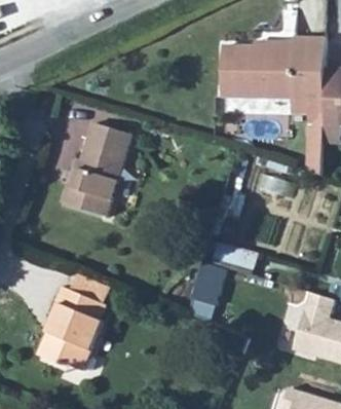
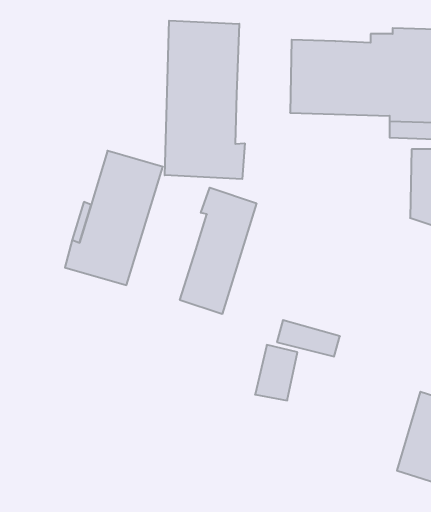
building: none -> [165,21,245,179]
building: none -> [180,188,256,314]
building: [37,273,110,370] -> none

